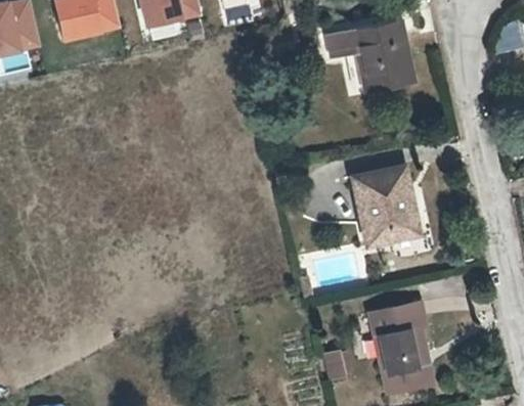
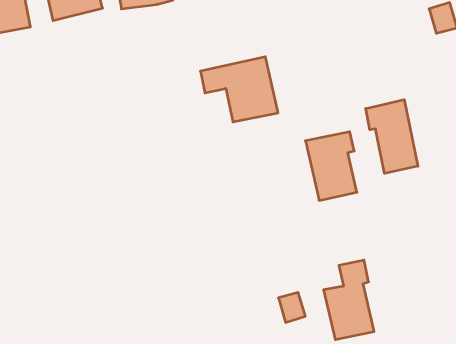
building: [324,25,412,98] -> [200,57,278,122]
building: none -> [366,100,418,173]

